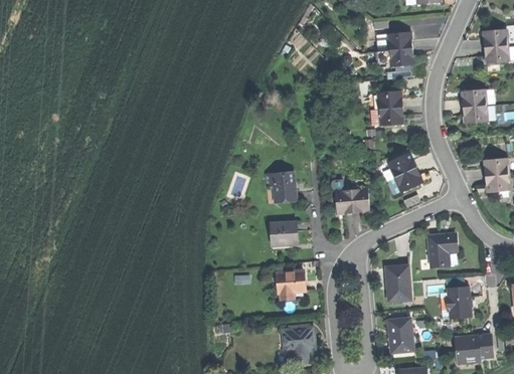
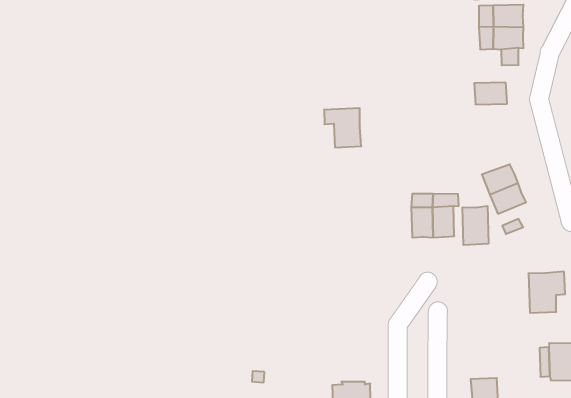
building: [379,108,404,126] -> none
building: [265,173,295,204] -> [324,108,361,147]
building: none -> [463,206,488,245]
building: [270,221,298,246] -> none
building: [385,264,410,302] -> none
building: [277,270,305,294] -> none

